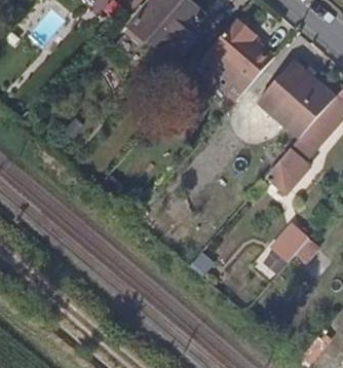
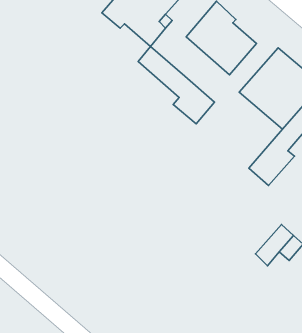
building: none -> [138,47,215,124]

